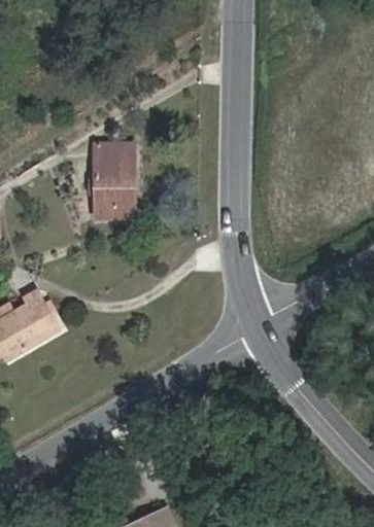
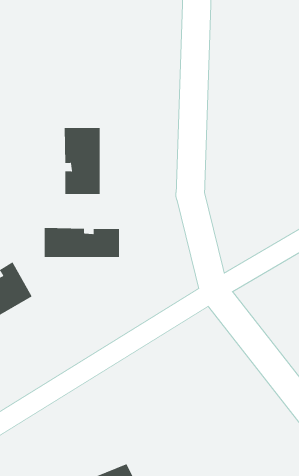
building: none -> [44,227,120,258]

